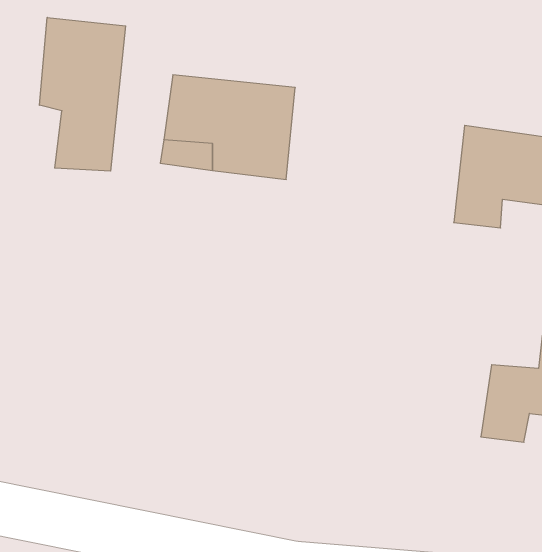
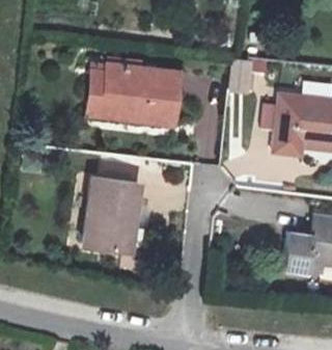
building: [39,17,126,171] -> none
building: none -> [87,172,140,243]

